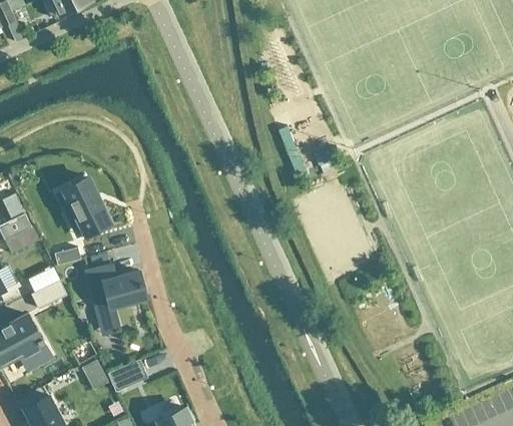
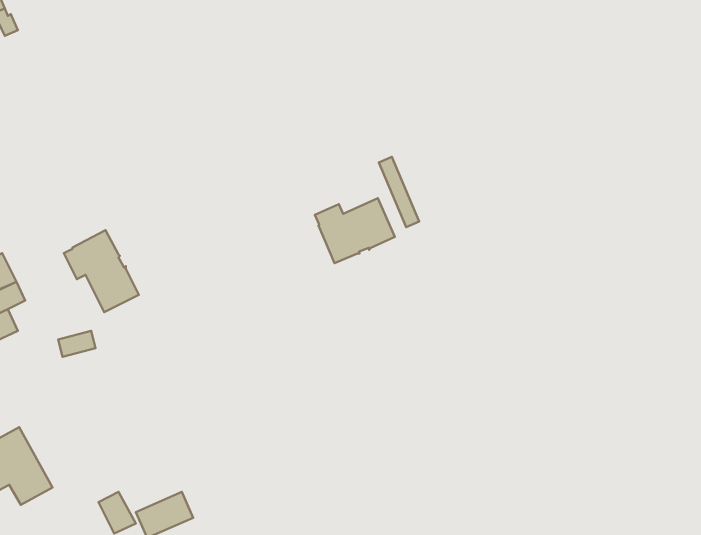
building: none -> [315,198,395,263]
building: [87,264,145,323] -> none
building: [31,280,66,309] -> none

